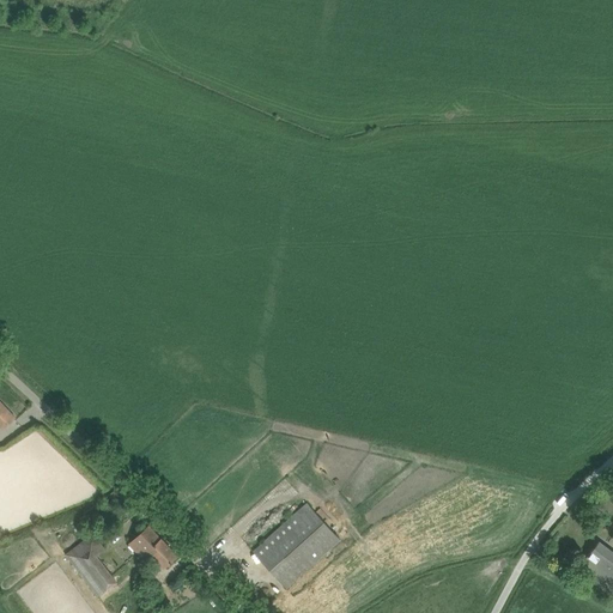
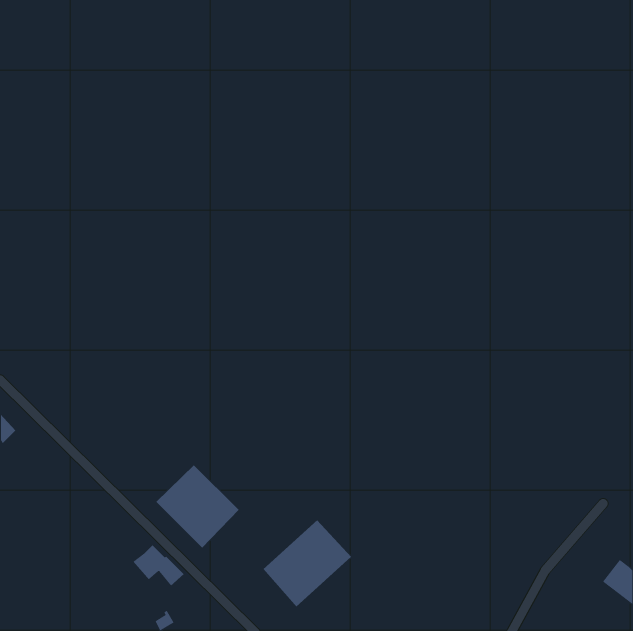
building: none -> [156,464,240,548]
building: [66,535,116,597] -> none

